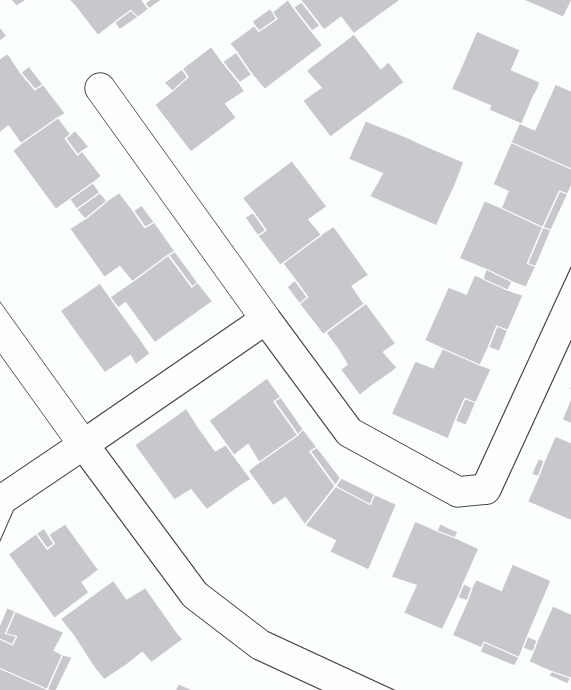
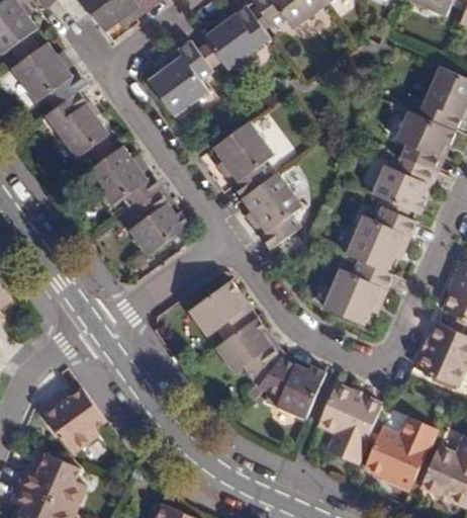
building: [451,31,540,124] -> none
building: [303,34,404,137] -> none
building: [348,121,464,226] -> none
building: [60,283,150,373] -> none
building: [326,303,397,395] -> none
building: [135,408,251,510] -> none
building: [60,580,183,680] -> none

